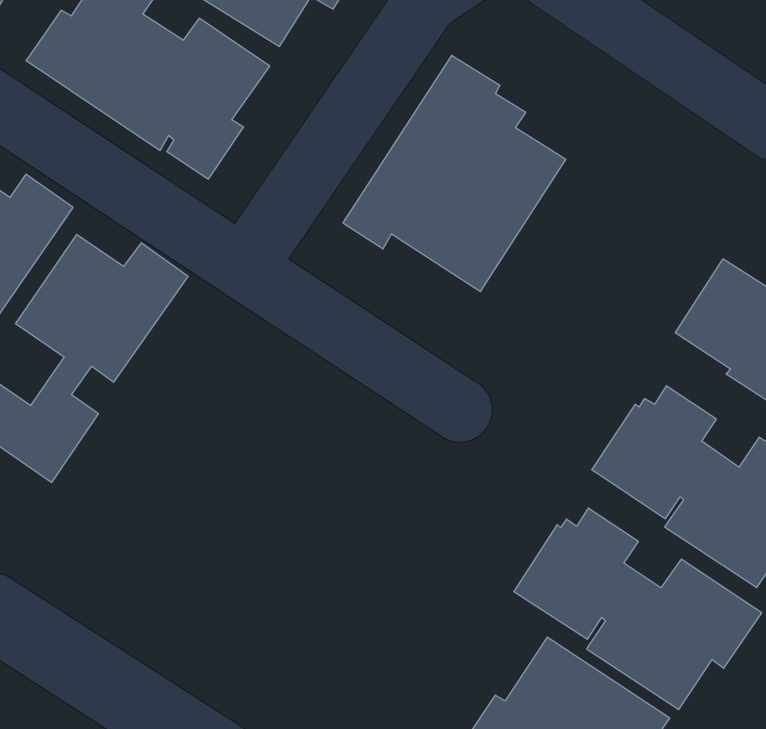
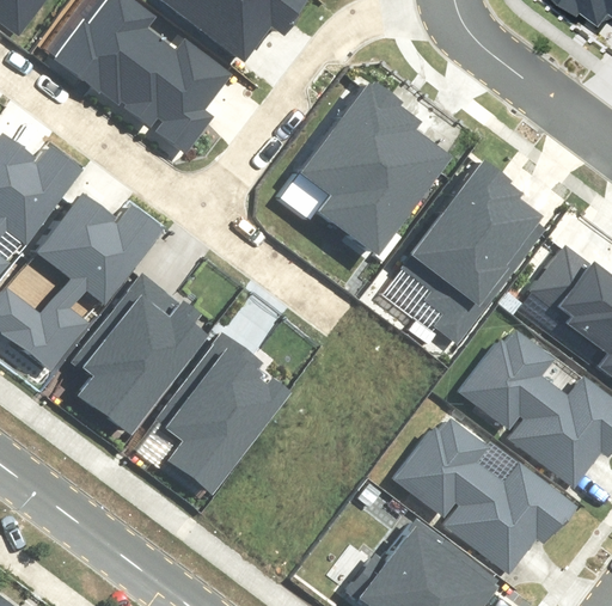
building: none -> [399,159,547,348]
building: none -> [73,276,208,434]
building: none -> [149,330,293,498]

